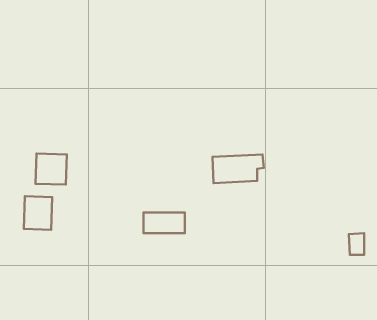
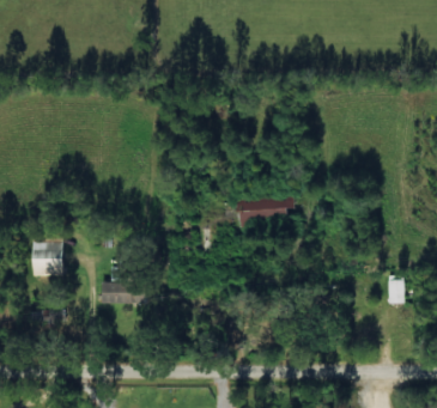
building: [35,154,67,185] -> none
building: [143,212,185,233] -> [101,280,146,303]

